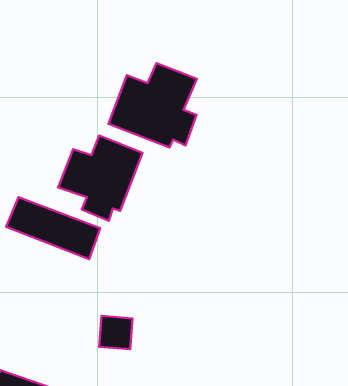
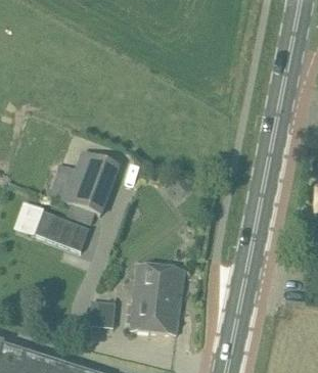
building: [109,63,197,148] -> none
building: none -> [129,262,184,332]

